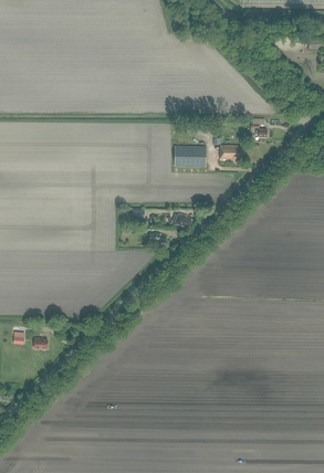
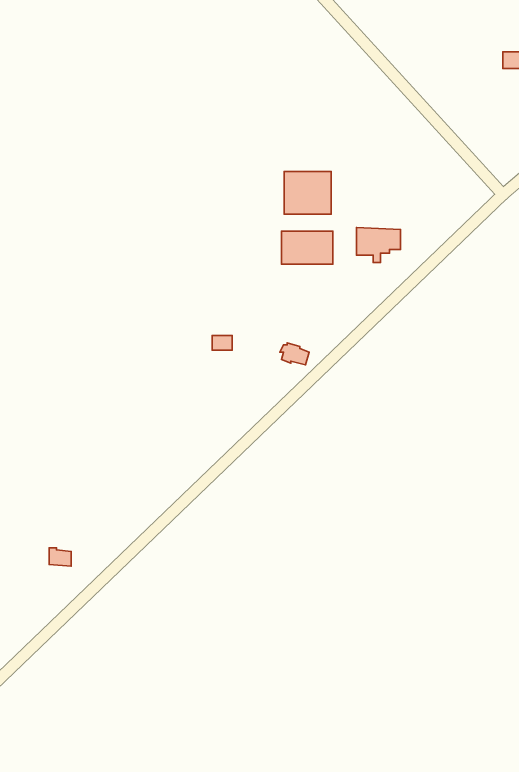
building: none -> [284,171,331,214]

